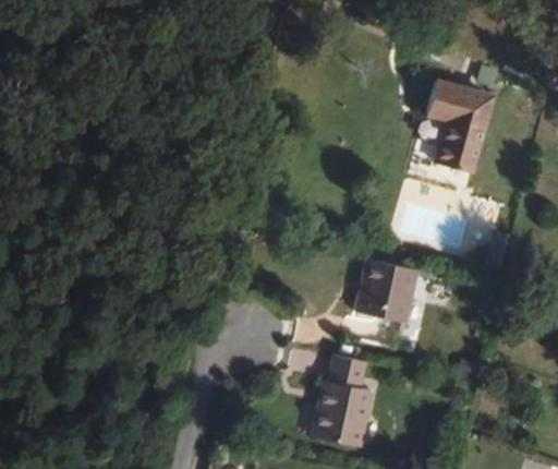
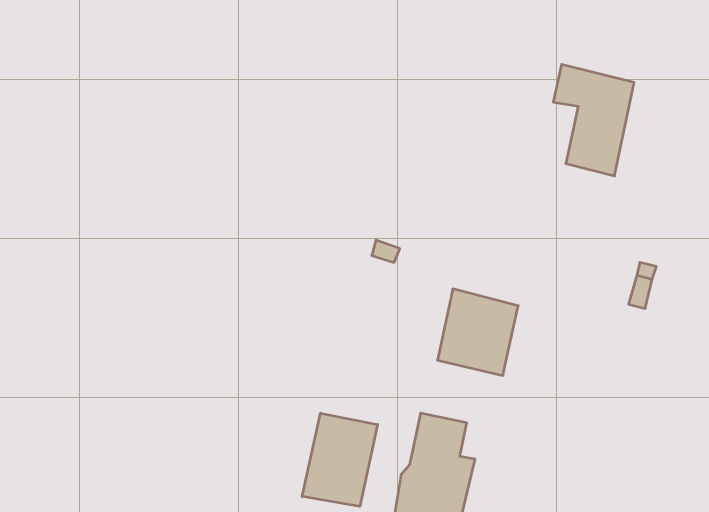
building: none -> [302,413,378,506]

